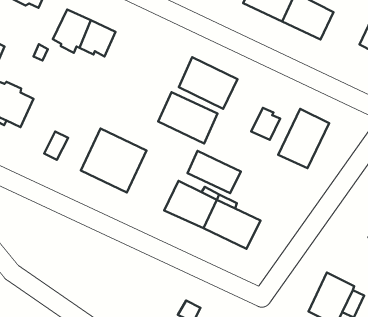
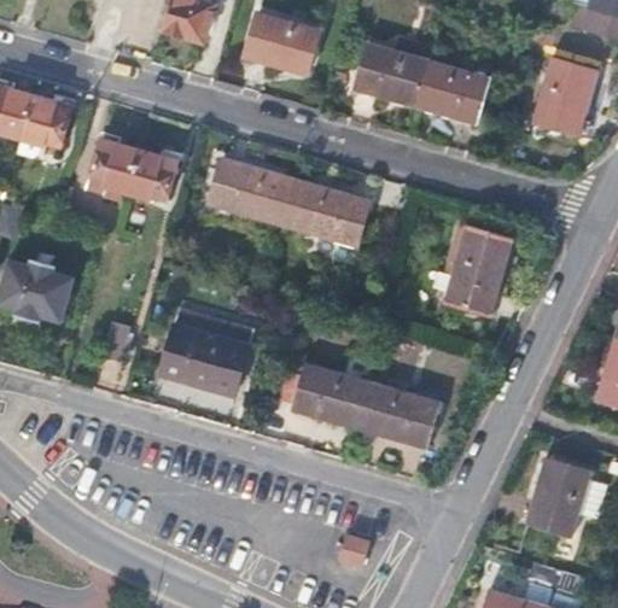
building: [158,92,218,143] -> [210,160,295,227]
building: [251,108,280,140] -> none
building: [187,151,241,193] -> none

